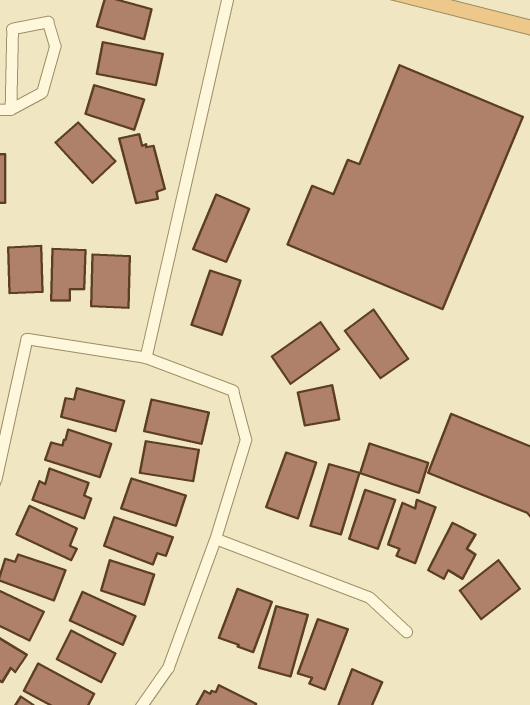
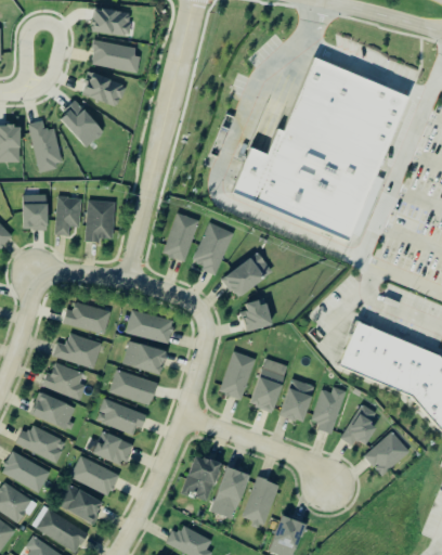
building: [119,134,165,203] -> [26,120,61,172]
building: [193,194,249,262] -> [191,222,233,273]
building: [345,309,408,378] -> none
building: [360,443,428,493] -> none

